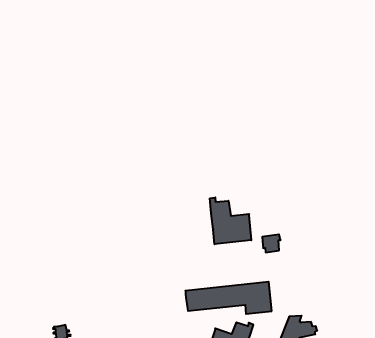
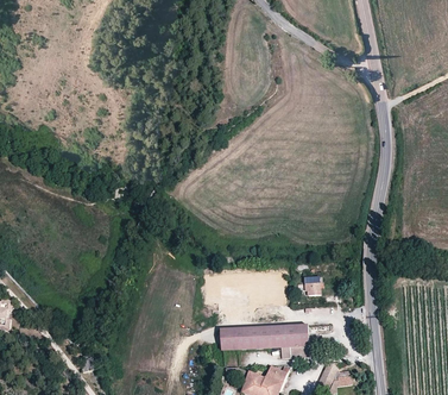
building: [210,197,251,244] -> none

